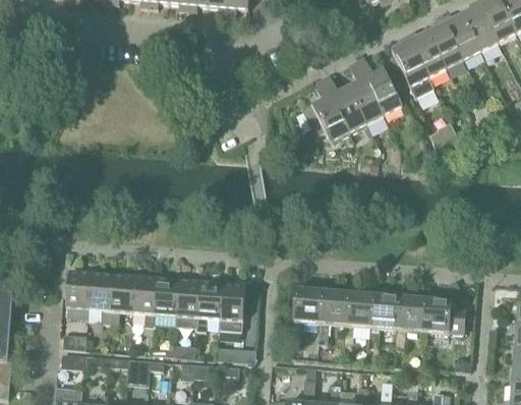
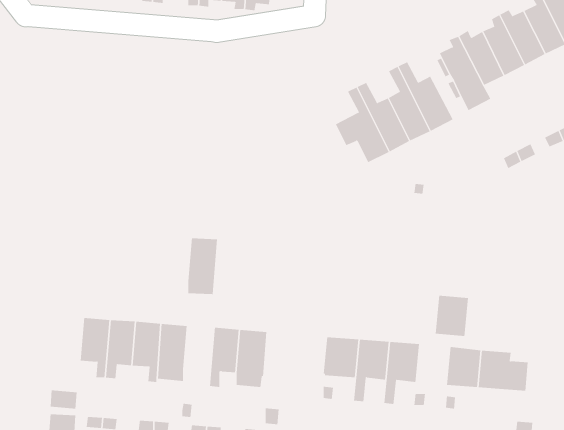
building: [65,270,91,319] -> none
building: [175,279,200,330] -> [188,238,218,298]
building: [370,294,399,329] -> [435,295,469,336]

